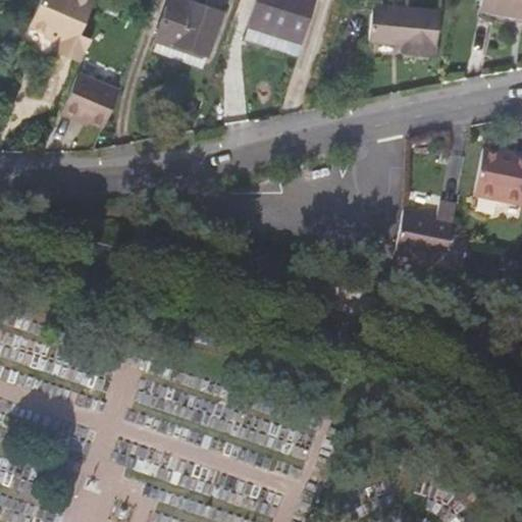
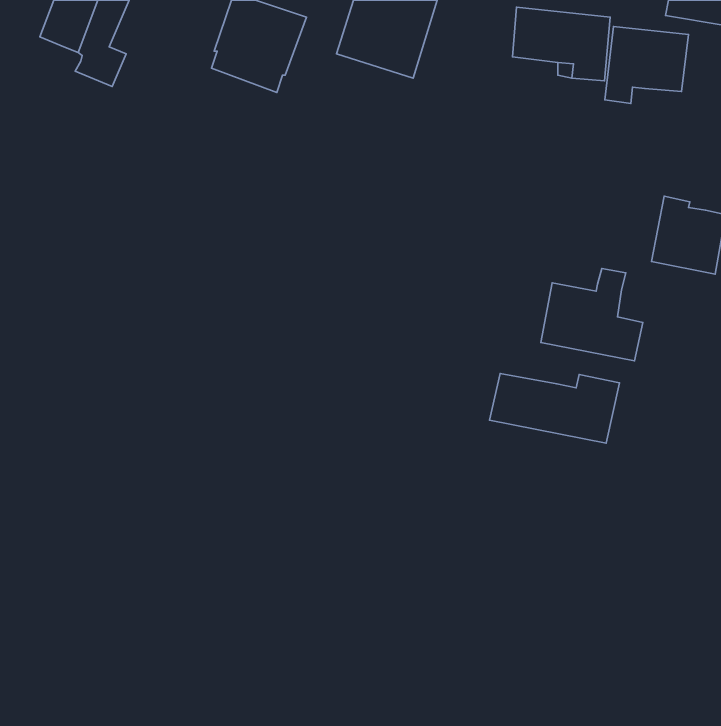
building: none -> [605,26,688,103]
building: [64,68,122,122] -> none
building: none -> [490,373,619,443]

